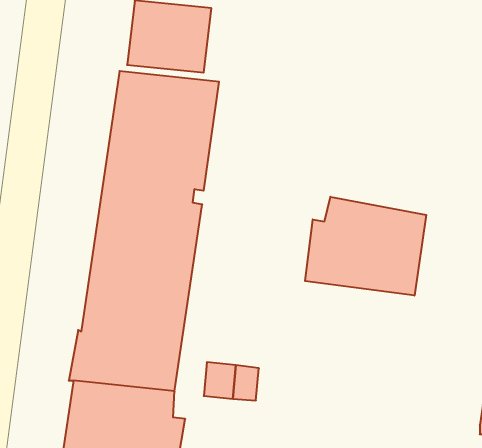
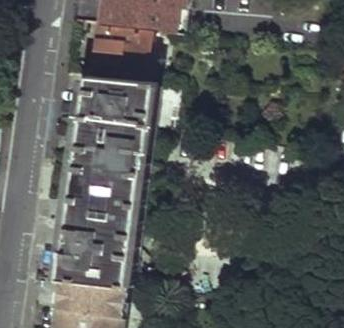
building: [305,197,426,296] -> none

